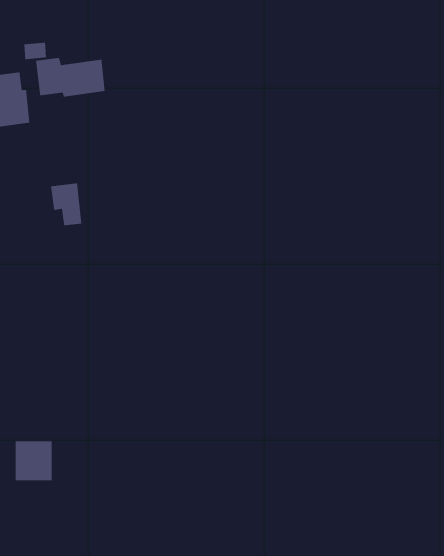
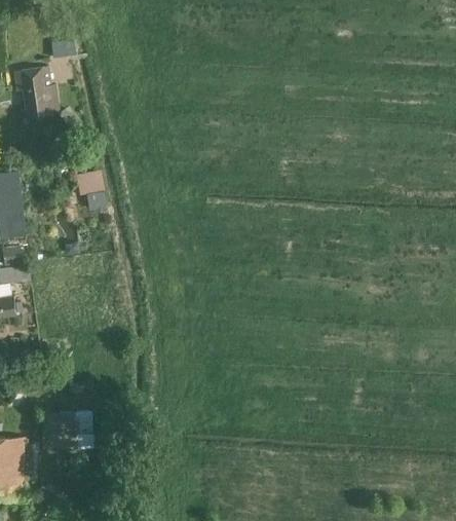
building: [35,57,105,98] -> none

